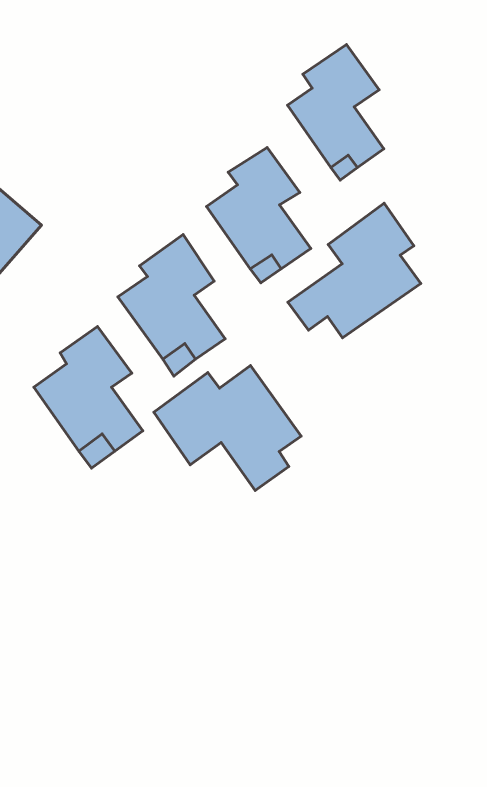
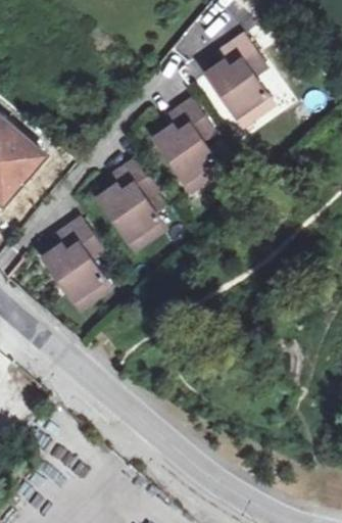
building: [288,203,421,338] -> none
building: [154,365,301,490] -> none

